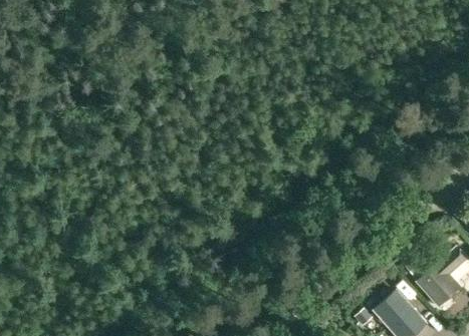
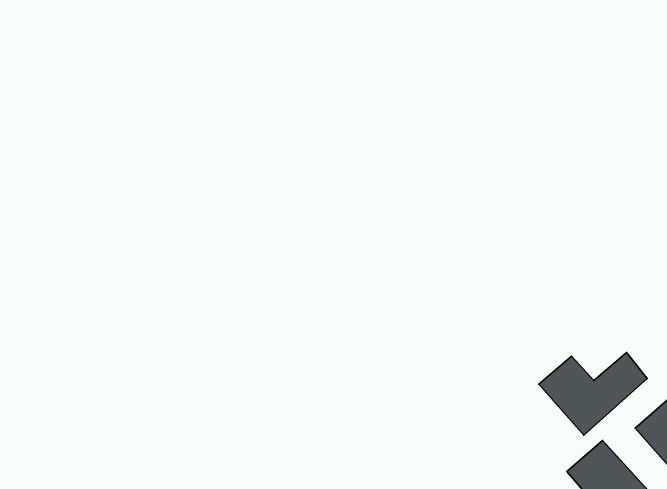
building: none -> [539,352,647,435]

